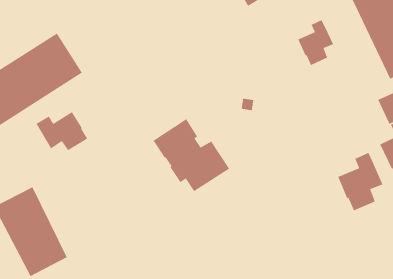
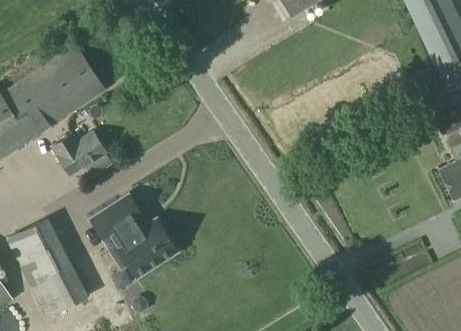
building: [297,19,334,66] -> none
building: [153,118,230,192] -> [91,194,178,277]
building: [337,152,384,212] -> none

